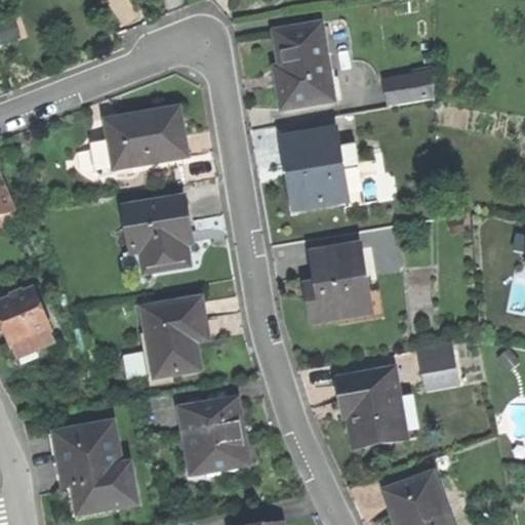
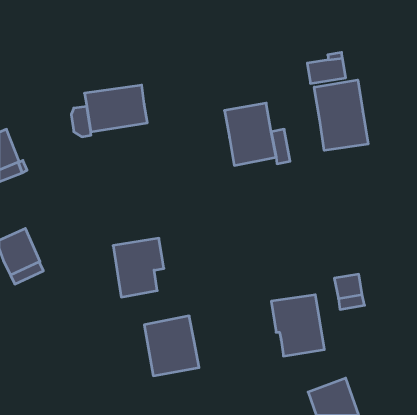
building: [274,24,335,108] -> none
building: none -> [314,80,368,150]
building: [123,197,190,271] -> none
building: [307,245,369,319] -> none
building: [53,420,136,514] -> none

